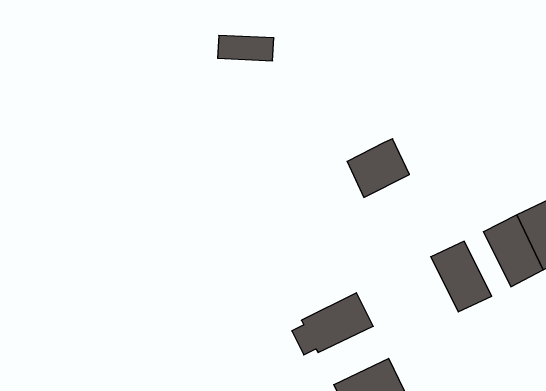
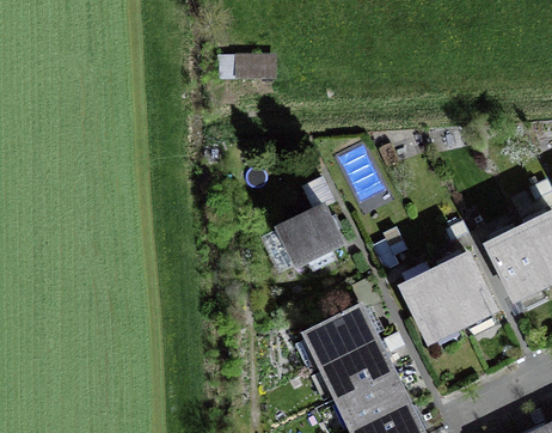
building: [347,139,409,197] -> [277,206,339,264]
building: none -> [400,269,460,341]
building: none -> [320,339,391,397]

